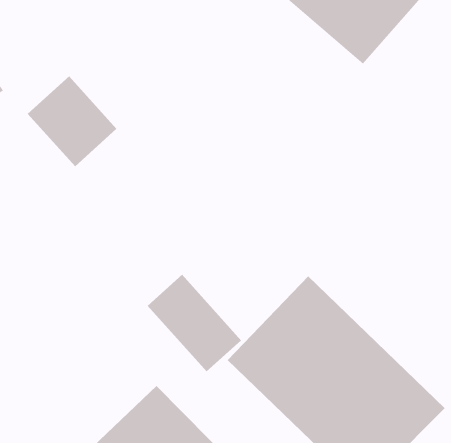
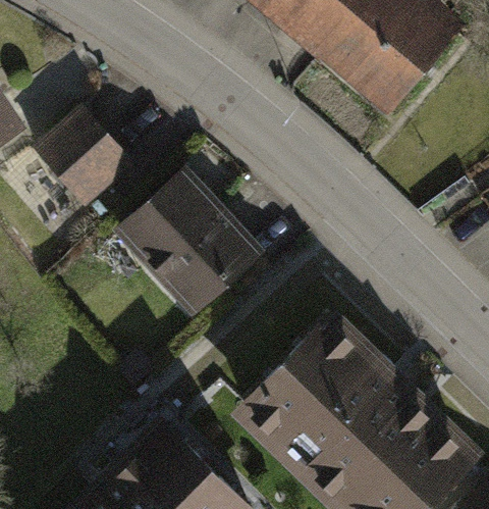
building: none -> [119,171,257,311]
building: [147,274,242,372] -> none

